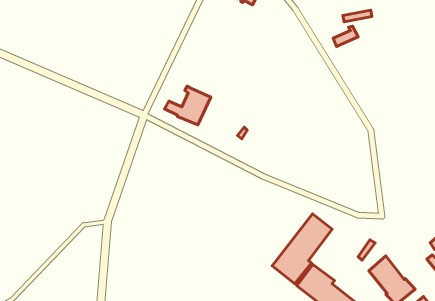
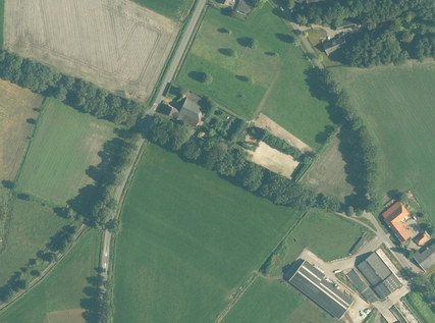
building: none -> [382,200,413,244]
building: [272,214,332,284] -> none

